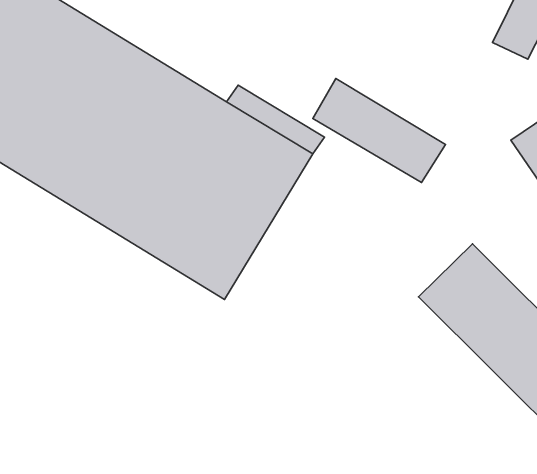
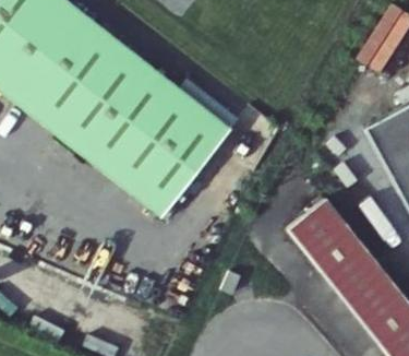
building: [313,79,445,182] -> none

